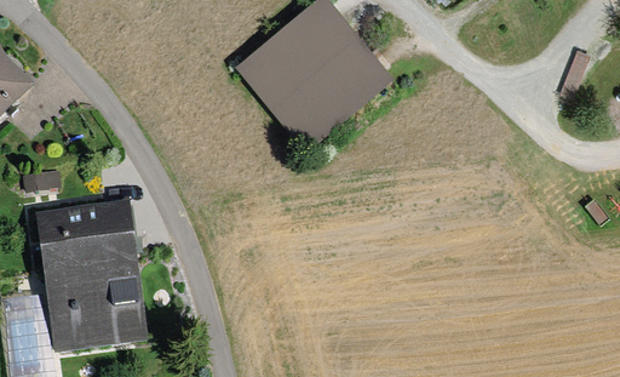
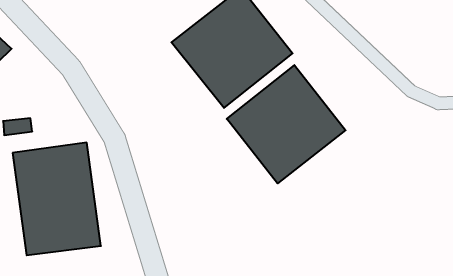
building: none -> [227,65,346,183]

